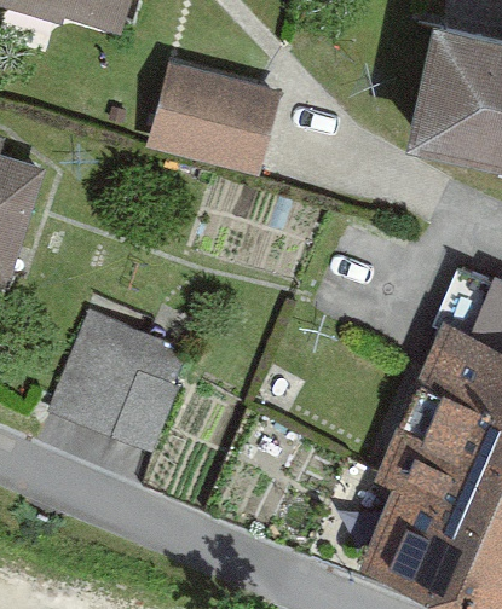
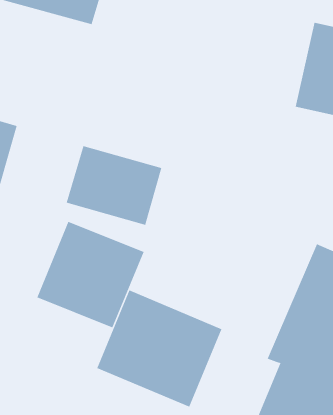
building: [149,70,278,178] -> [66,145,162,225]
building: none -> [97,290,222,408]

